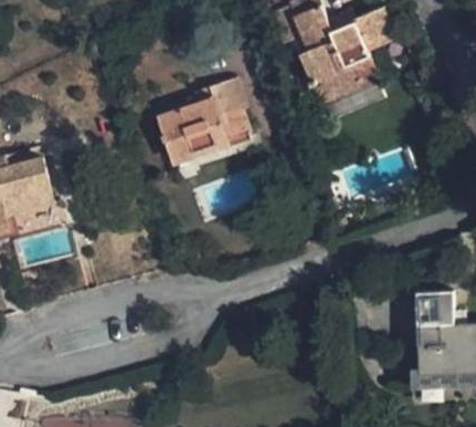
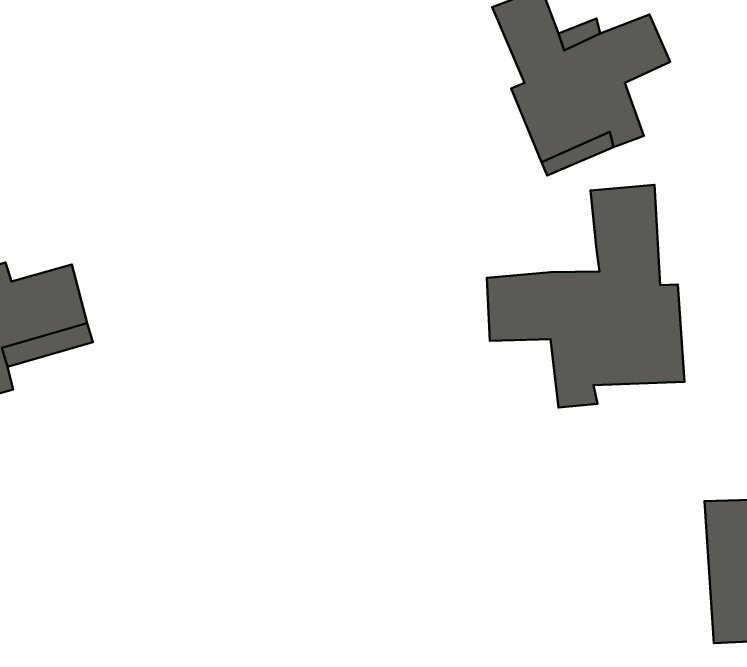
building: [156,79,251,166] -> none
building: none -> [487,185,684,408]

